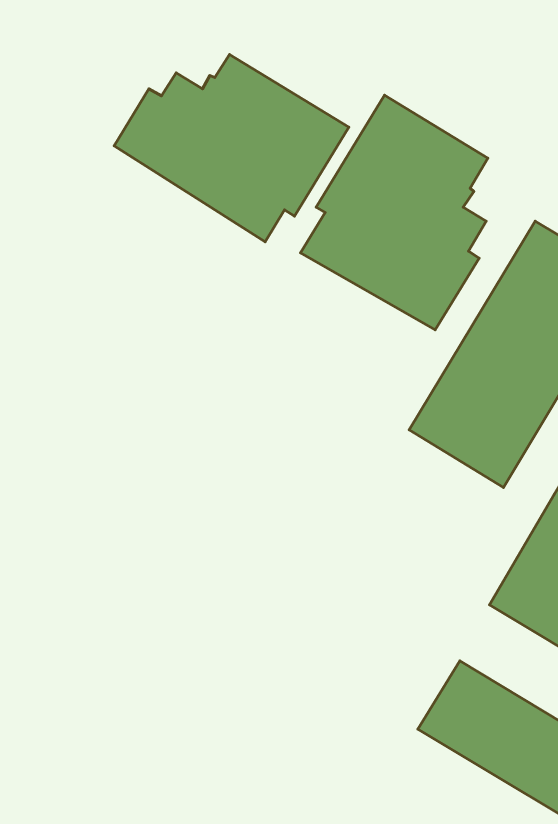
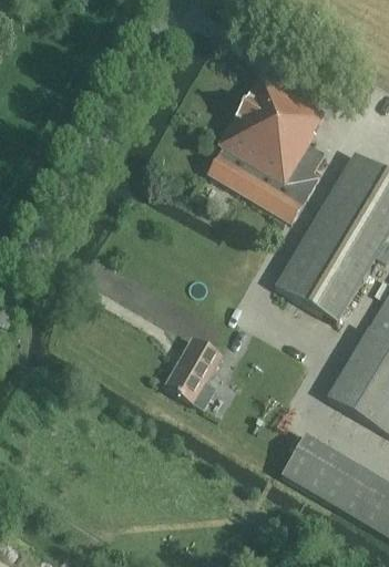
building: [114,55,349,242] -> none
building: none -> [164,337,223,409]

